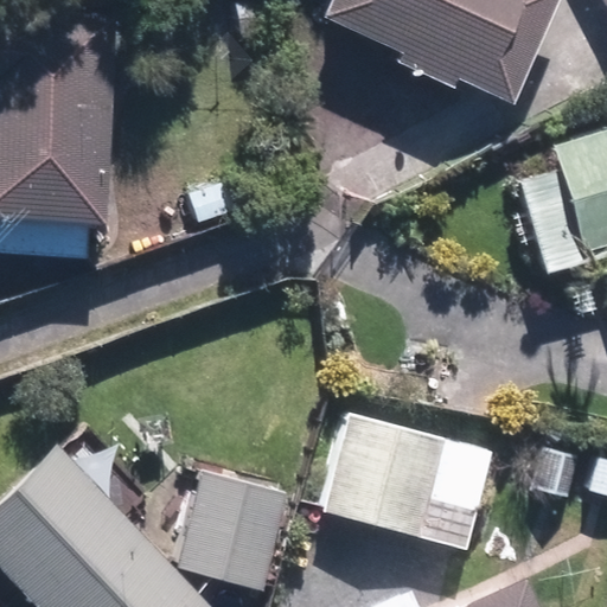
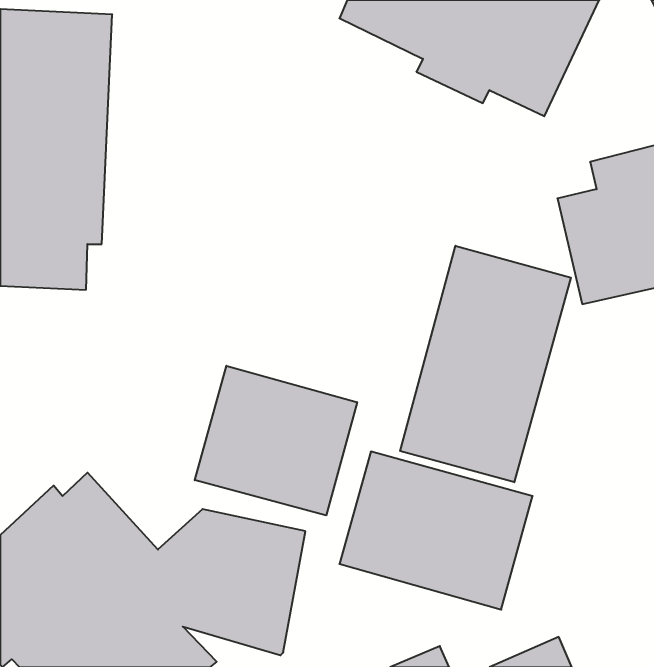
building: none -> [400,246,571,482]
building: none -> [195,366,357,515]

